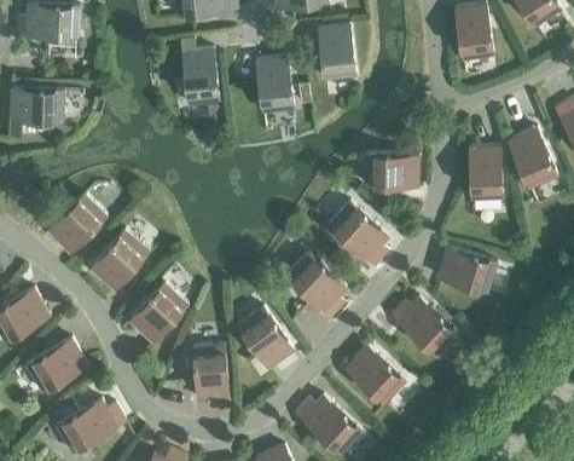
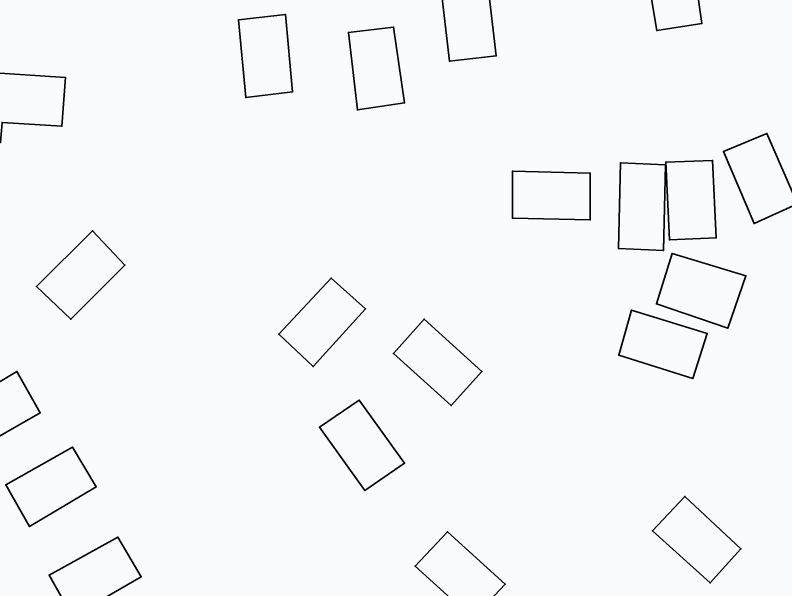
building: none -> [618,163,665,251]
building: [329,201,388,260] -> none
building: none -> [656,253,746,328]
building: [91,230,149,290] -> none
building: [129,283,187,342] -> [279,278,365,367]
building: [398,298,457,356] -> [652,496,741,583]
building: [193,345,228,399] -> none
building: [346,345,405,404] -> none

